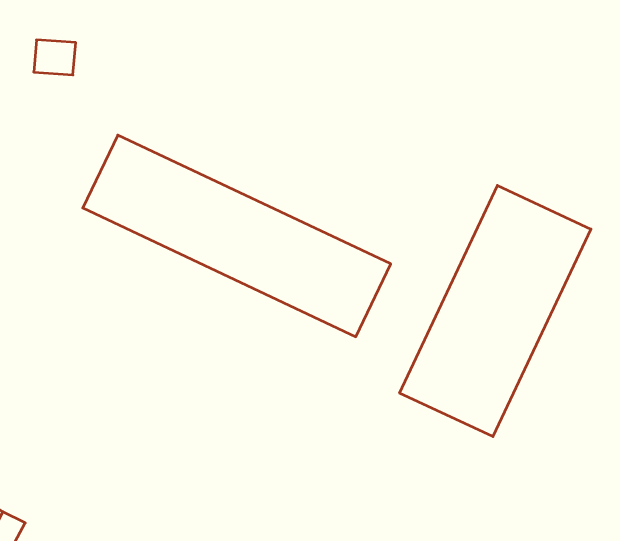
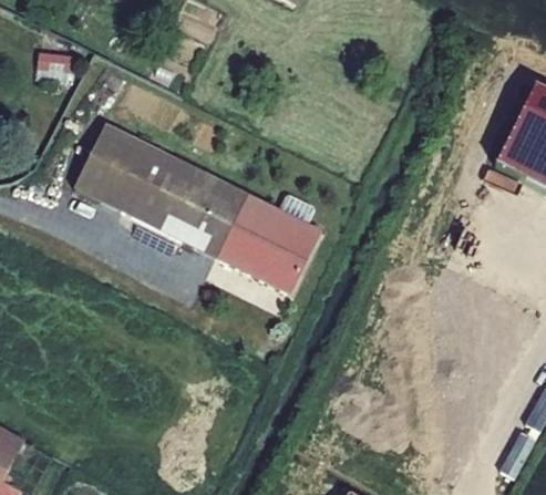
building: [400,185,591,437] -> none

